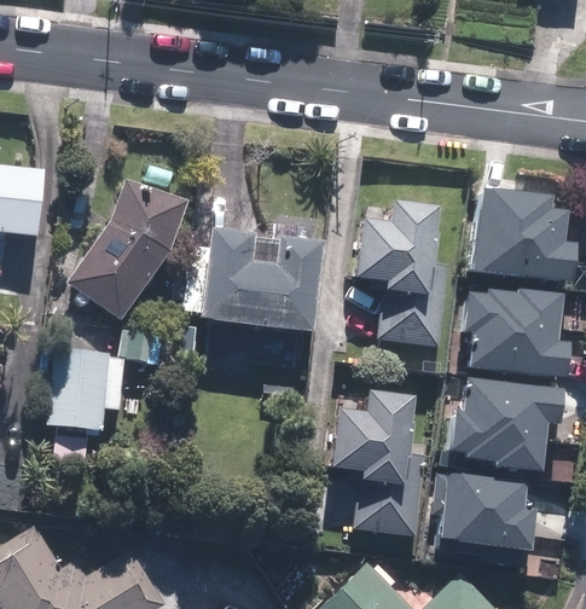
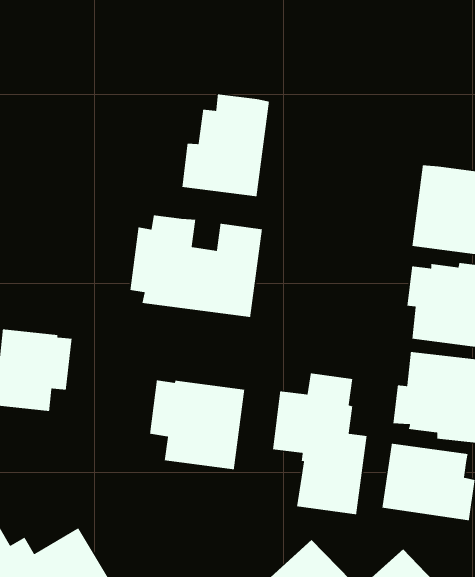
building: none -> [182,93,270,197]
building: [66,184,187,326] -> none
building: [352,208,449,352] -> none
building: none -> [149,379,245,470]

